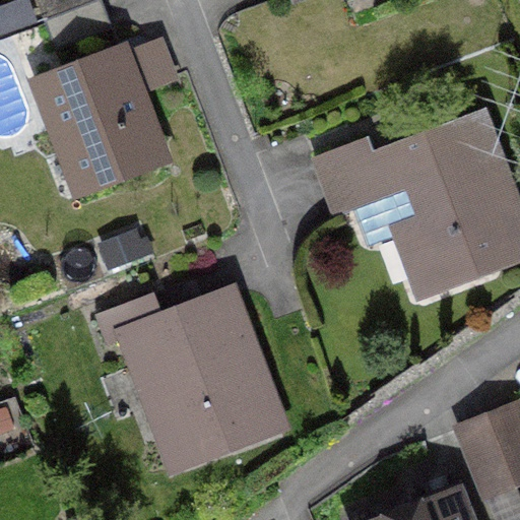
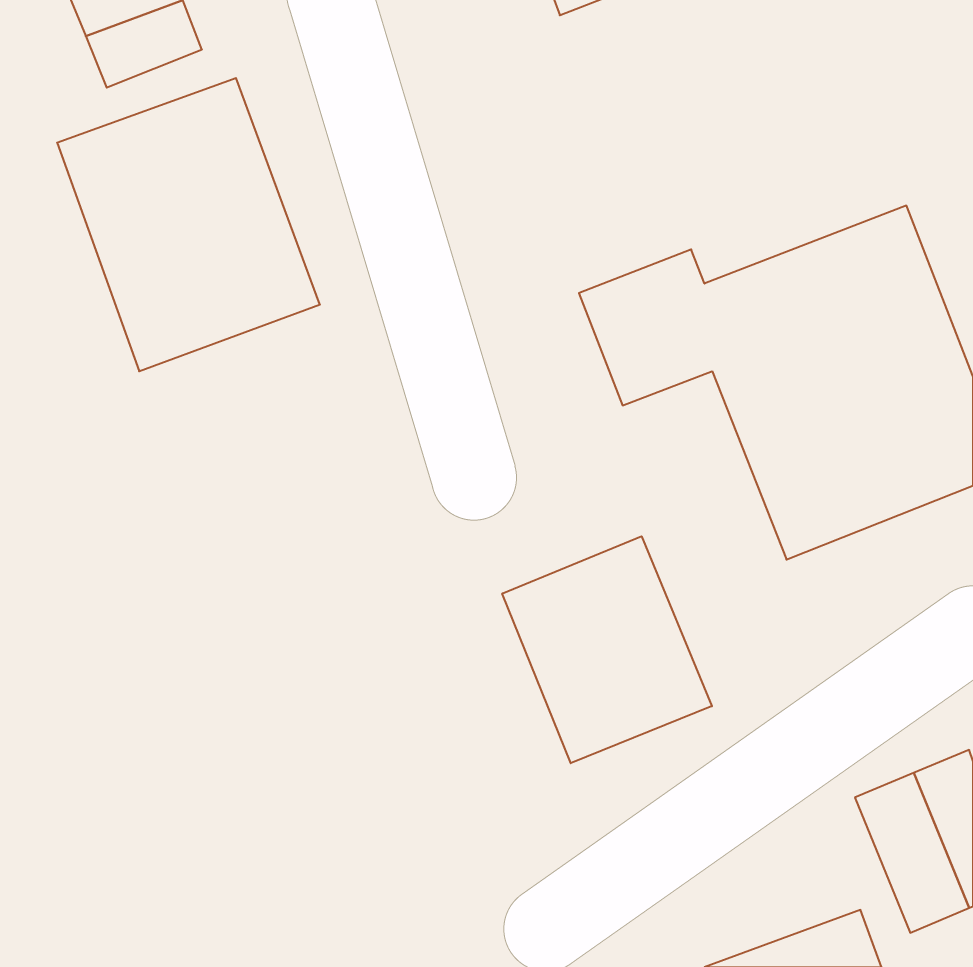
building: none -> [502,536,712,763]
building: [114,288,290,474] -> none

